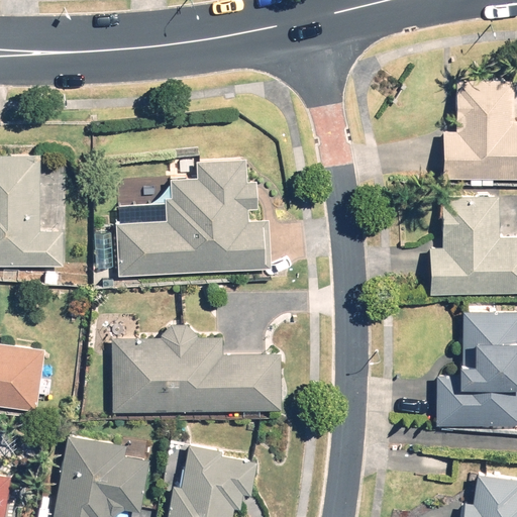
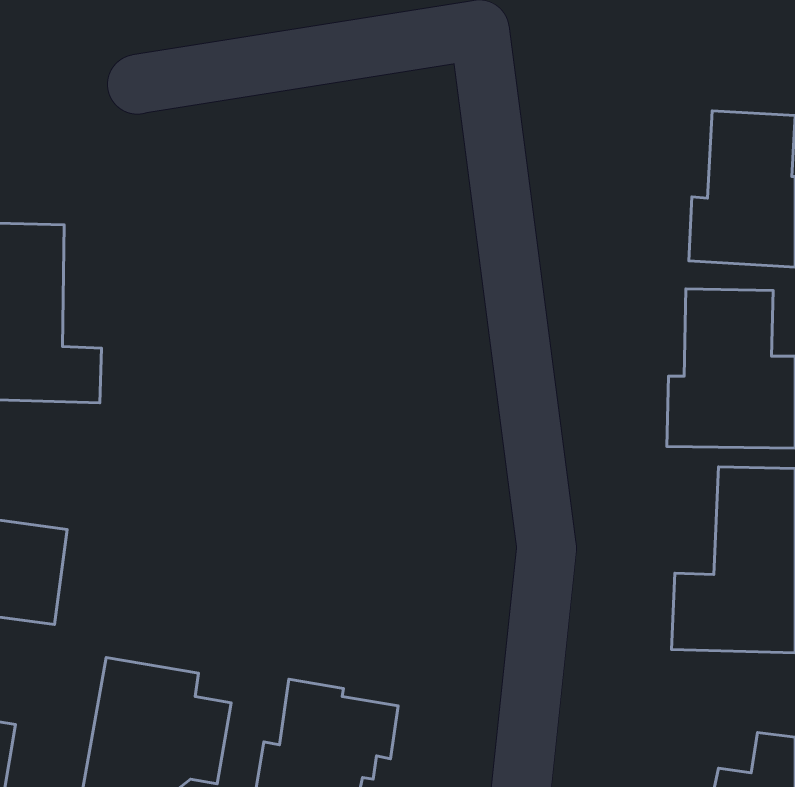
building: [118,161,268,273] -> none
building: [113,325,282,413] -> none

